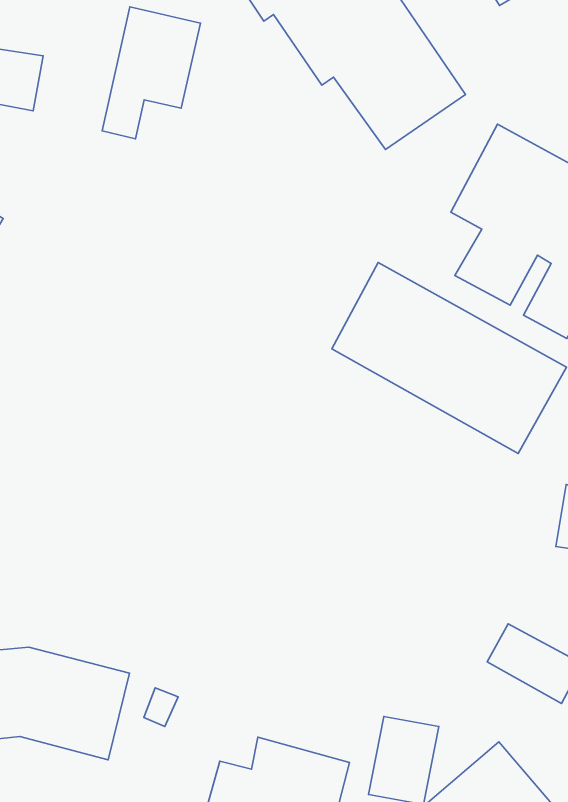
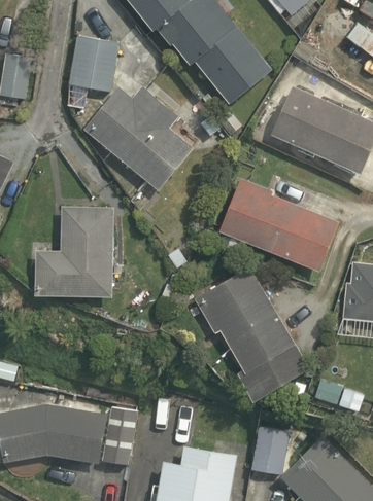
building: none -> [86,83,193,189]
building: none -> [33,206,112,297]
building: none -> [194,267,308,399]

